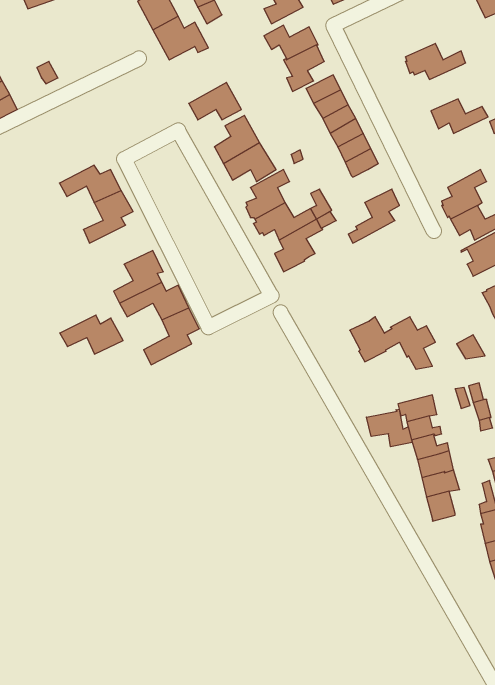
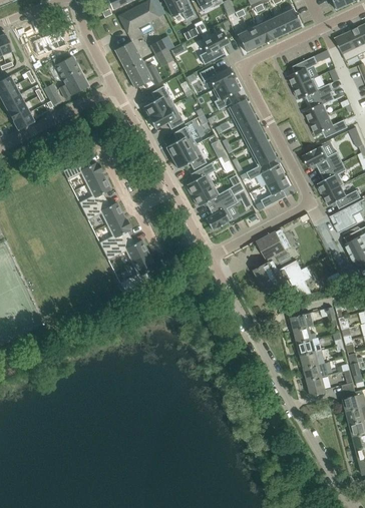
building: none -> [55,56,88,99]
building: none -> [288,56,318,87]
building: none -> [143,86,173,118]
building: none -> [305,92,335,123]
building: none -> [303,146,343,174]
building: none -> [240,162,284,184]
building: none -> [258,229,291,260]
building: [60,315,123,354] -> [82,199,124,225]
building: [366,409,412,447] -> none

